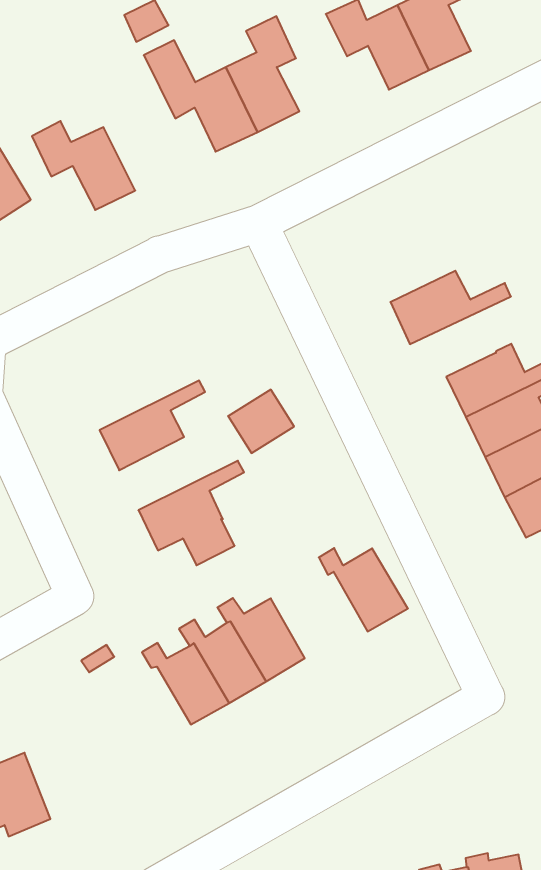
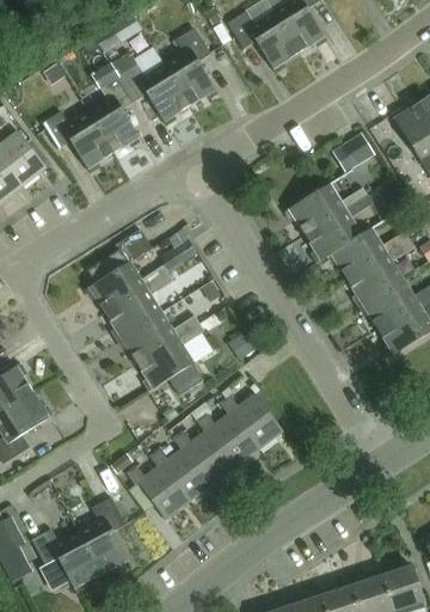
building: none -> [90,76,140,153]
building: none -> [332,134,374,173]
building: none -> [306,197,374,261]
building: none -> [88,249,170,313]
building: none -> [123,312,201,363]
building: [319,548,408,631] -> [221,394,283,449]
building: none -> [129,465,188,518]
building: none -> [80,496,128,573]

